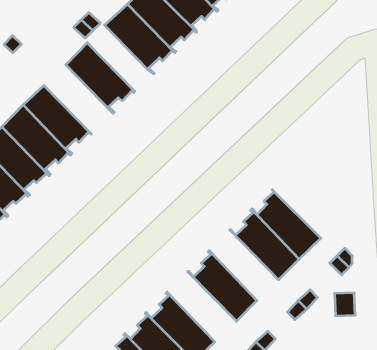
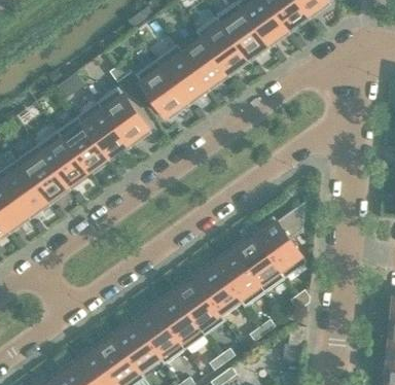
building: none -> [76,102,130,163]
building: none -> [251,201,306,278]
building: none -> [191,259,245,321]
building: none -> [151,288,205,350]

